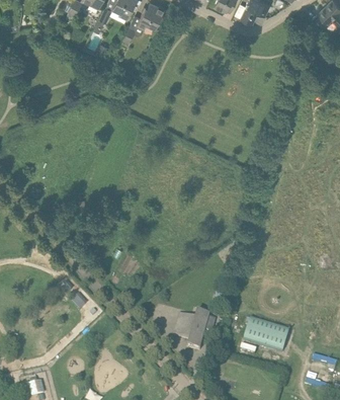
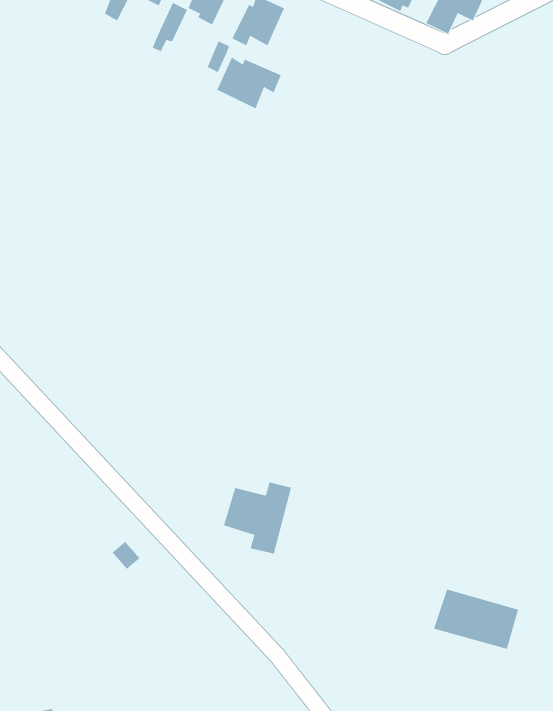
building: none -> [216,57,282,109]
building: [172,309,208,347] -> [223,482,292,554]

